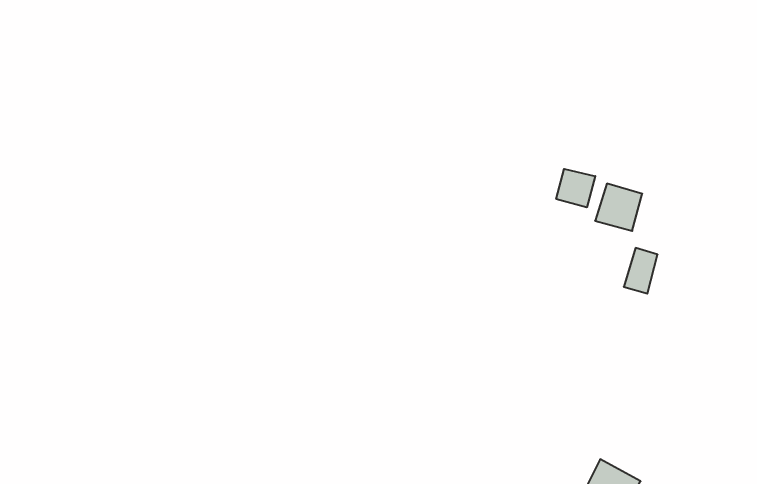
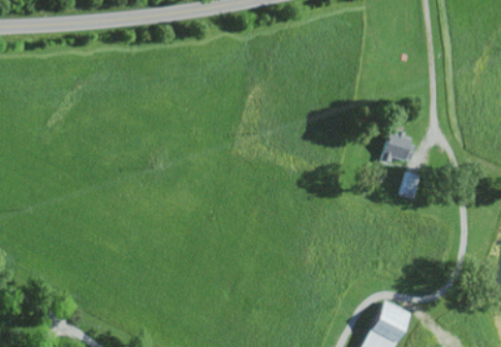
building: [556,169,595,207] -> none

